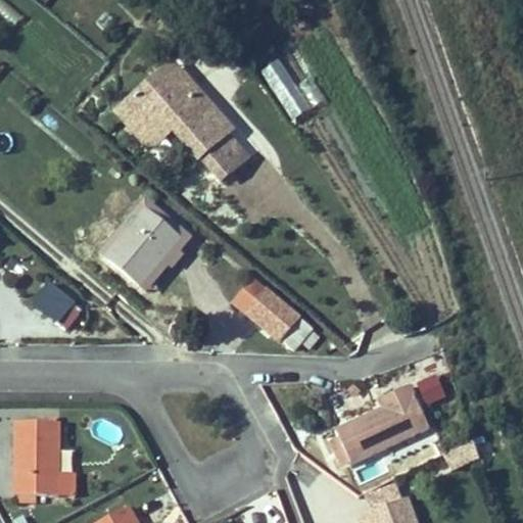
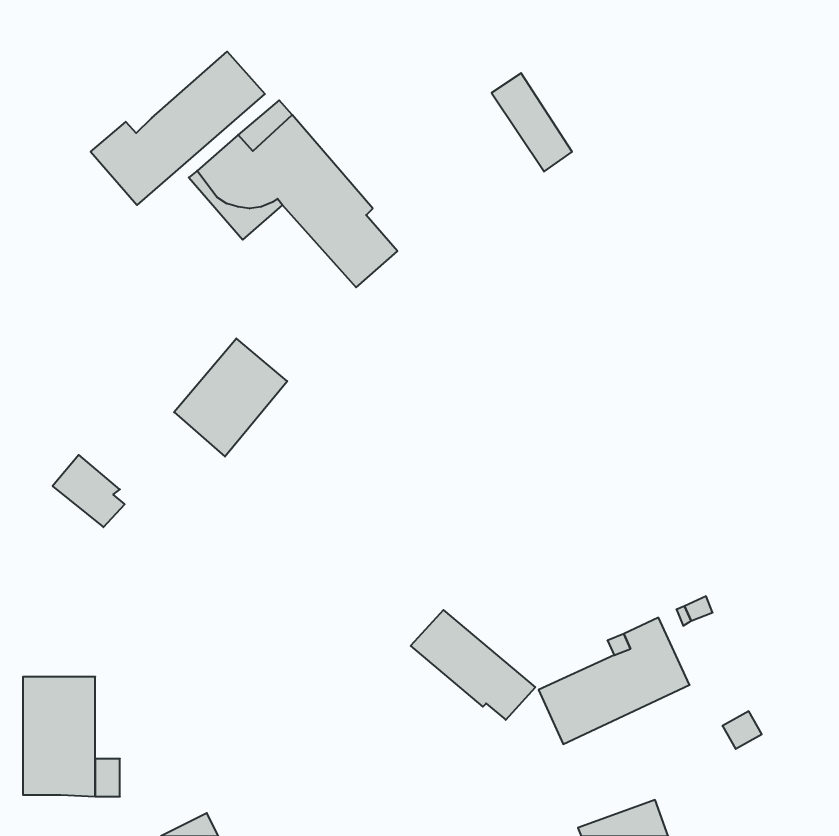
building: none -> [91,52,265,205]
building: [260,57,311,118] -> [492,73,572,172]
building: [102,199,190,289] -> none
building: [235,280,313,348] -> [411,610,535,720]

